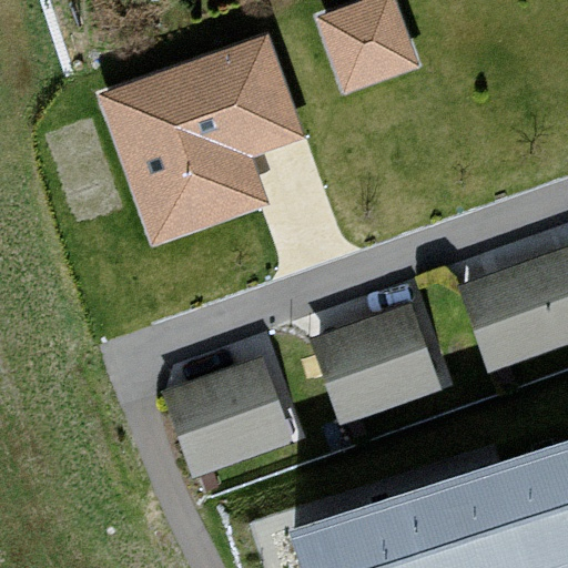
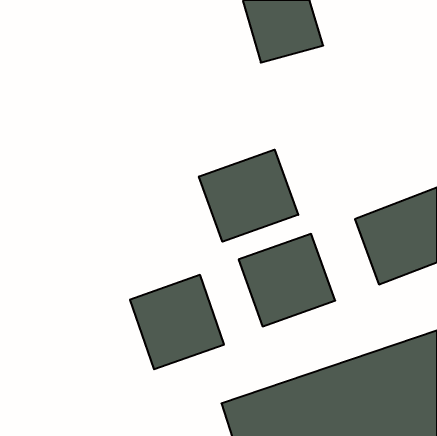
building: [102,40,297,245] -> none
building: none -> [199,150,298,242]

